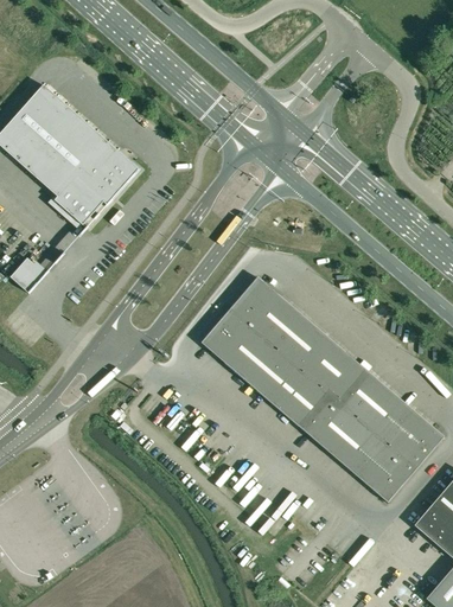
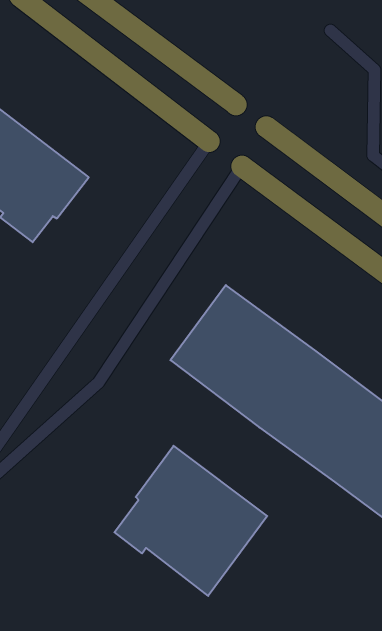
building: none -> [114,446,267,596]

